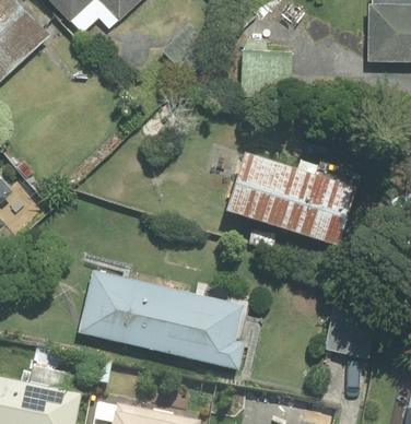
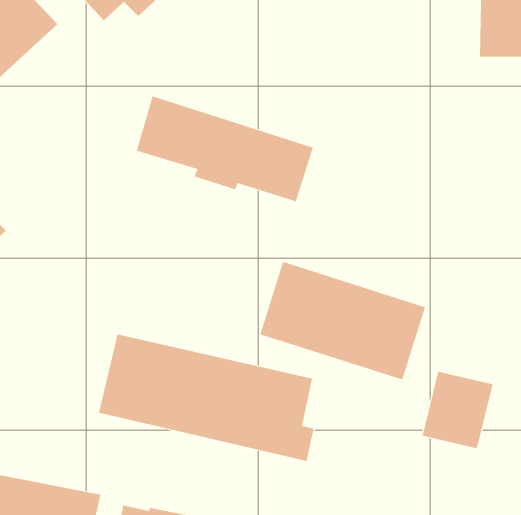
building: none -> [136,96,314,202]
building: [228,153,355,244] -> [260,261,426,380]

